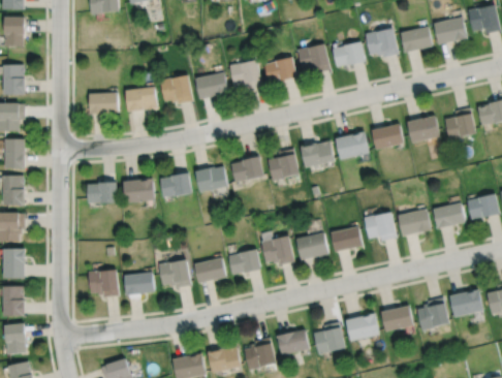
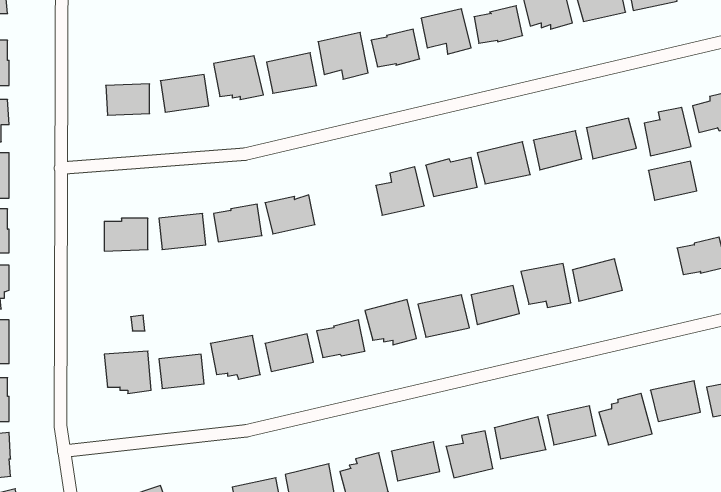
building: [231,155,263,182] -> none
building: [433,202,465,228] -> [648,161,697,200]

